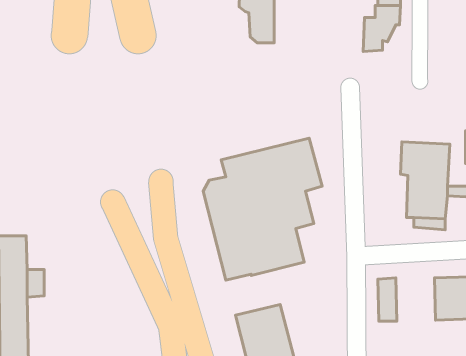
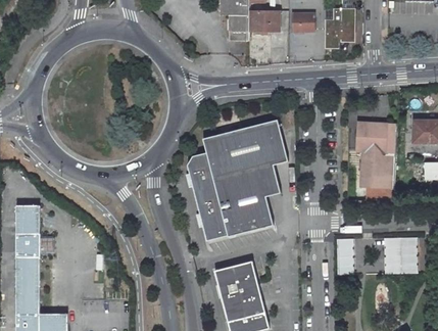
building: none -> [248,9,279,30]
building: none -> [290,12,313,30]

